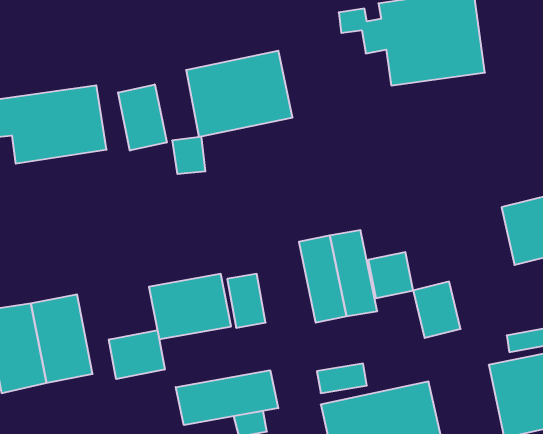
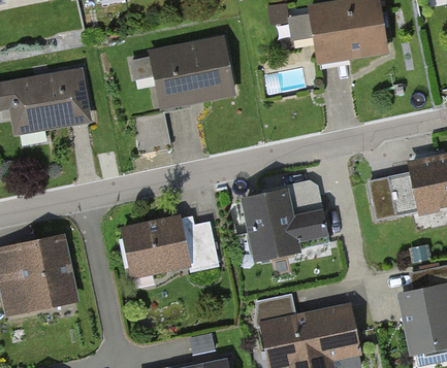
building: [118,84,167,151] -> none
building: [413,282,461,338] -> [369,173,407,219]
building: [109,330,165,379] -> none
building: [176,370,278,425] -> none

